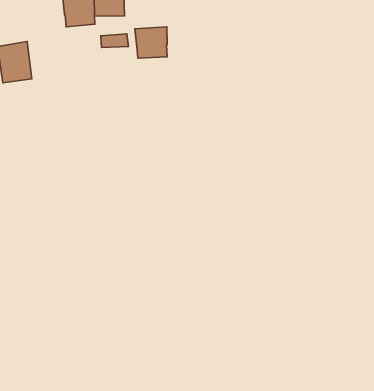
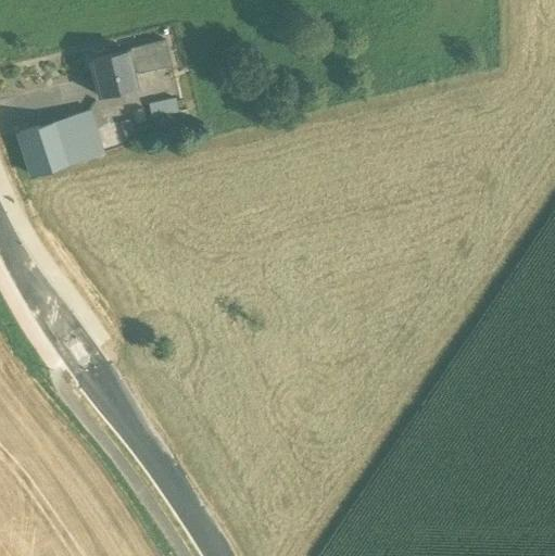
building: [135,27,167,58] -> none
building: none -> [55,111,104,166]

